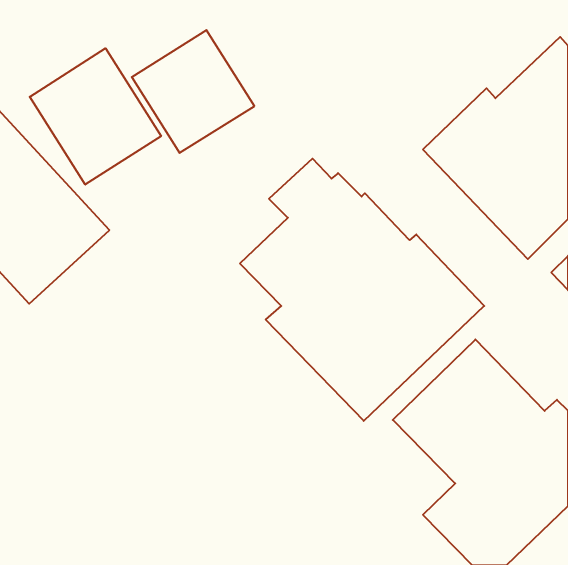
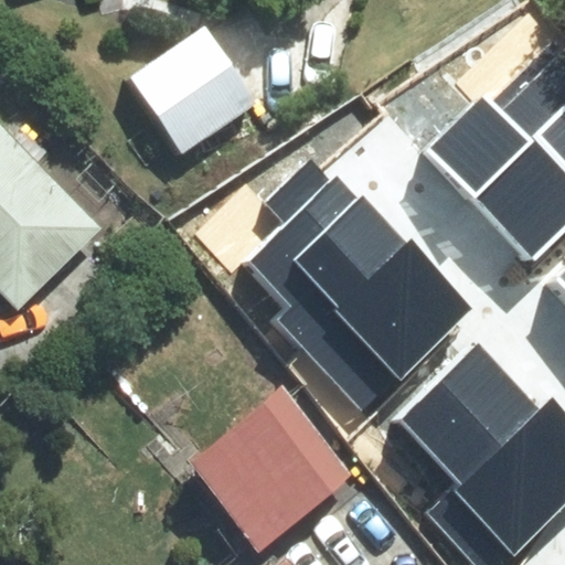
building: [30,48,161,185] -> none
building: none -> [213,397,360,546]

